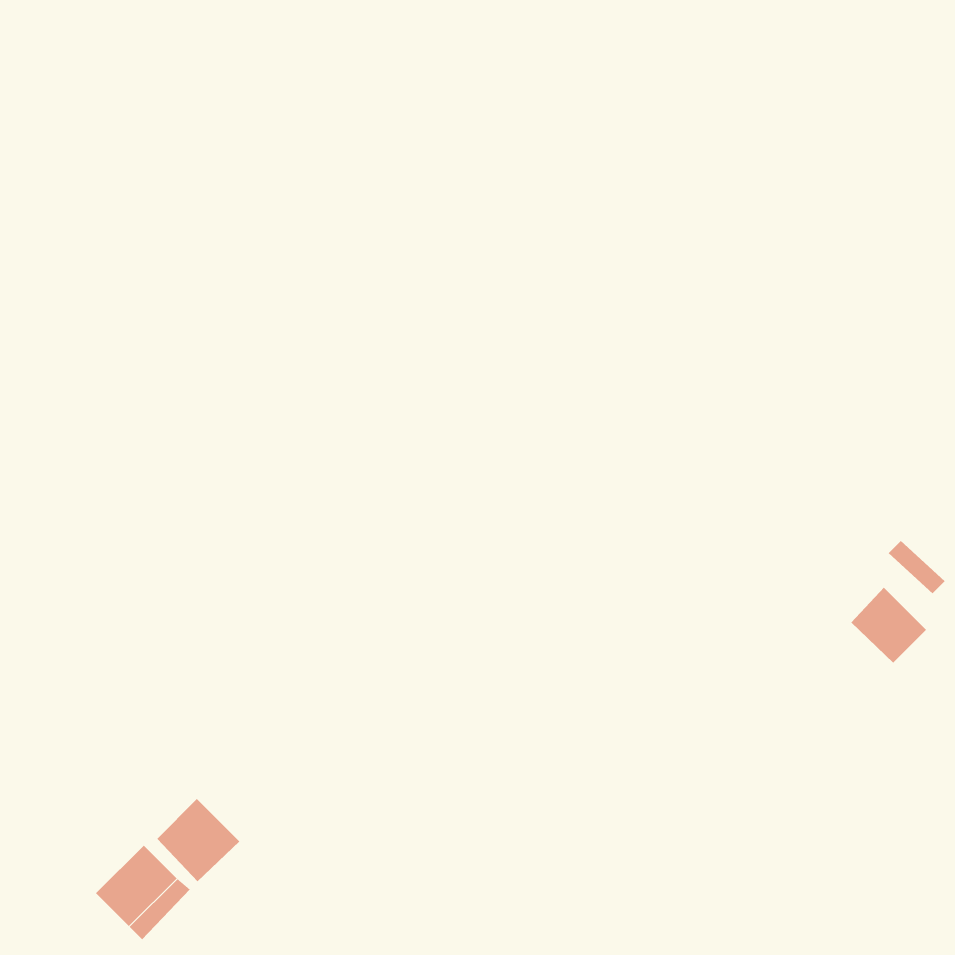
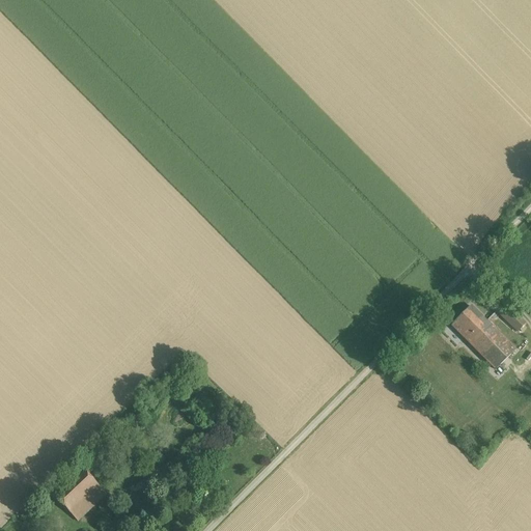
building: none -> [452,306,491,345]
building: [156,798,240,882] -> none

